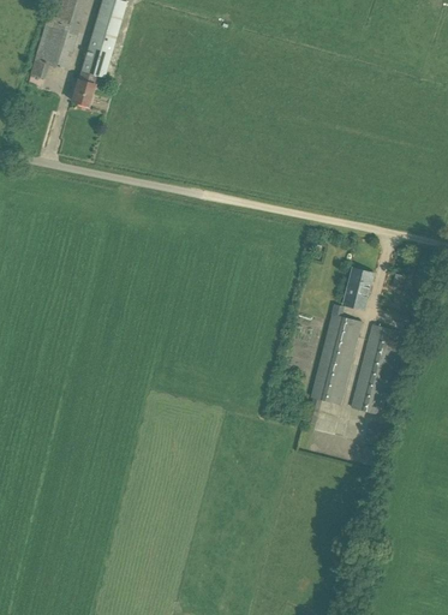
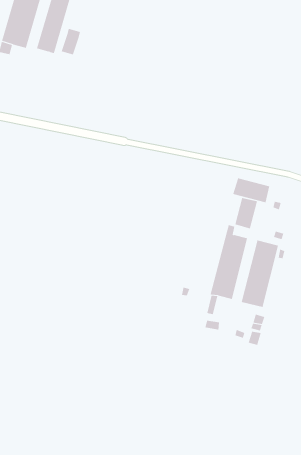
building: [70,68,96,105] -> [61,28,81,55]
building: none -> [233,178,270,203]

